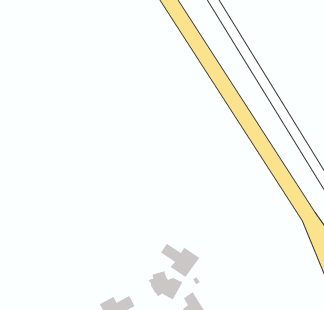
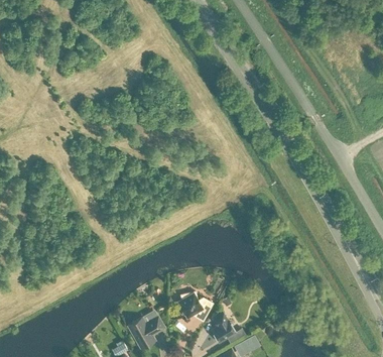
building: [160,243,200,278] -> none

